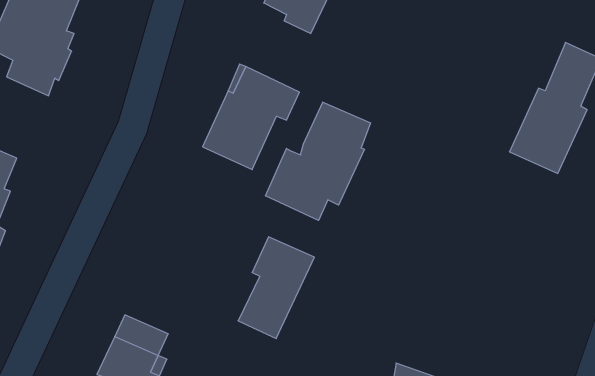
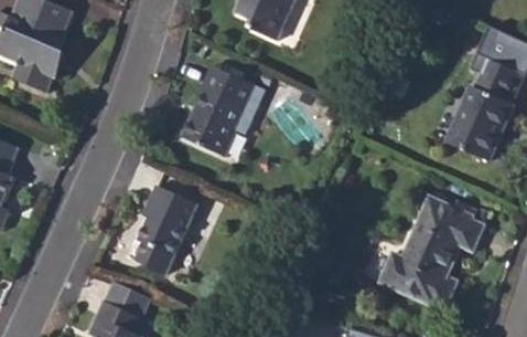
building: [266,102,370,220] -> none
building: none -> [380,196,485,308]
building: [238,237,314,339] -> [130,186,196,274]

